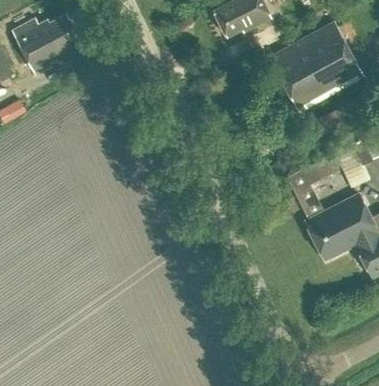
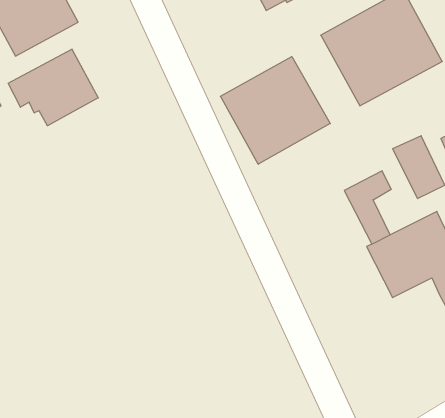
building: none -> [8,49,98,126]
building: none -> [220,57,330,164]

